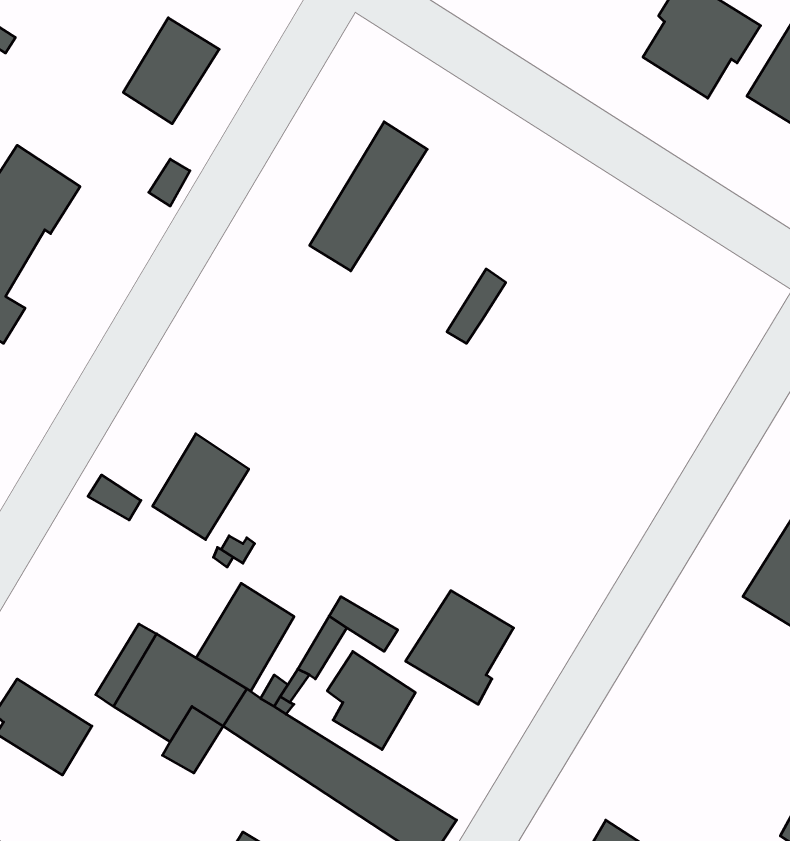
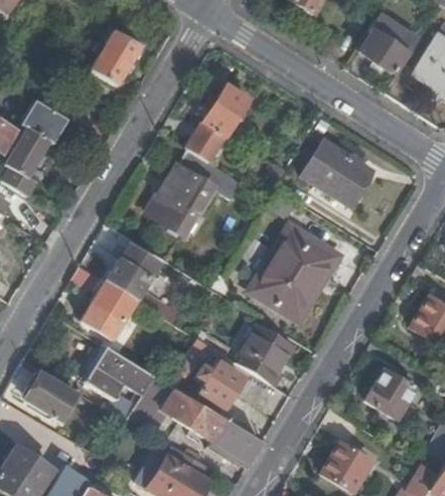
building: none -> [302,139,373,205]
building: none -> [148,148,240,231]
building: none -> [256,225,342,318]
building: [196,583,294,691] -> [85,282,135,337]
building: none -> [366,370,416,421]

